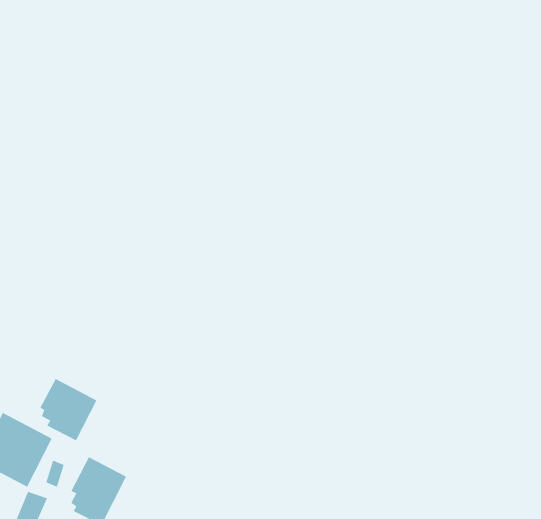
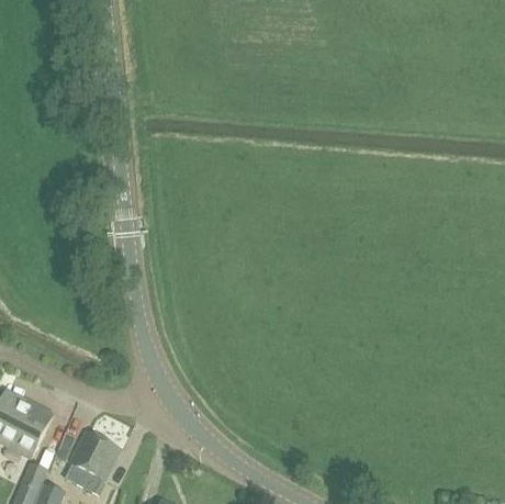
building: [39,378,97,441] -> none

